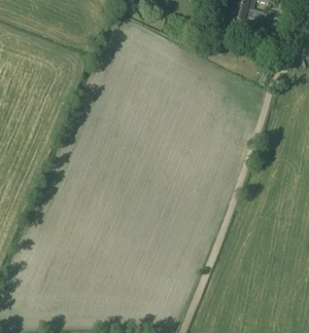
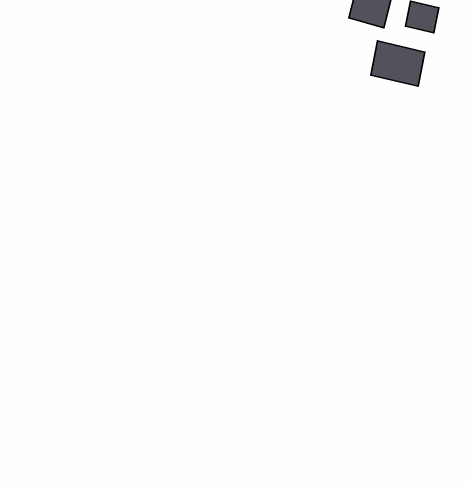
building: none -> [371,41,425,86]

